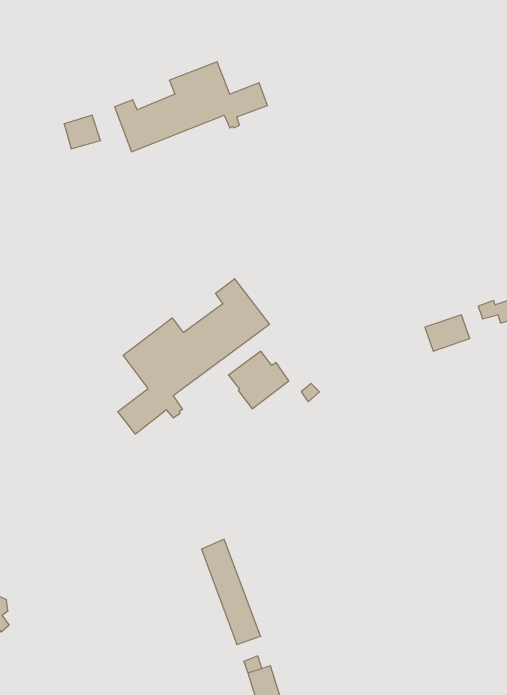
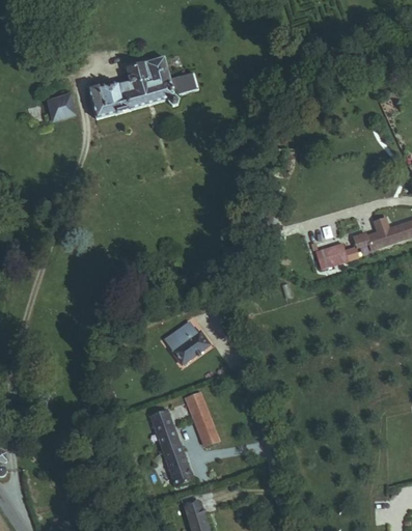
building: [118,279,269,434] -> none
building: [228,351,289,409] -> [161,323,205,365]
building: none -> [187,392,219,445]

